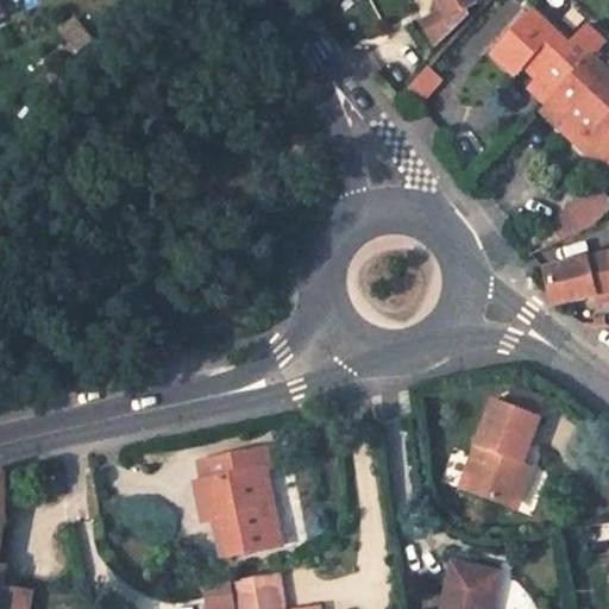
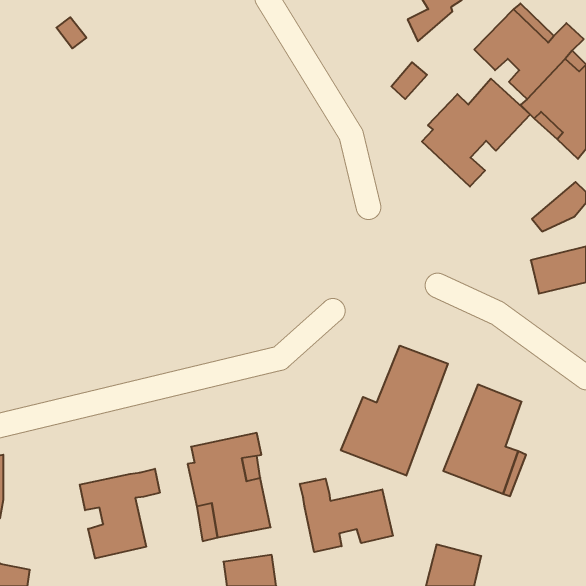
building: none -> [422,79,530,187]
building: none -> [341,346,448,476]
building: none -> [80,469,160,558]
building: none -> [300,479,393,552]

